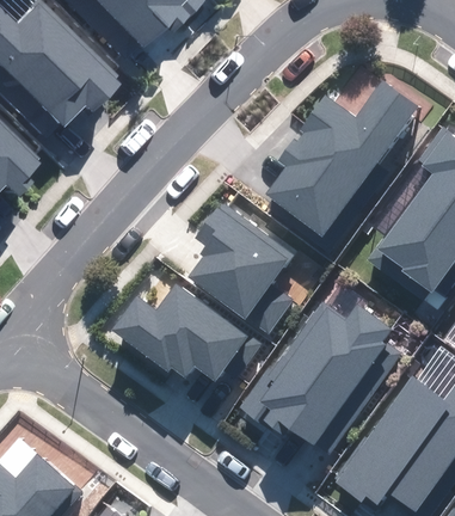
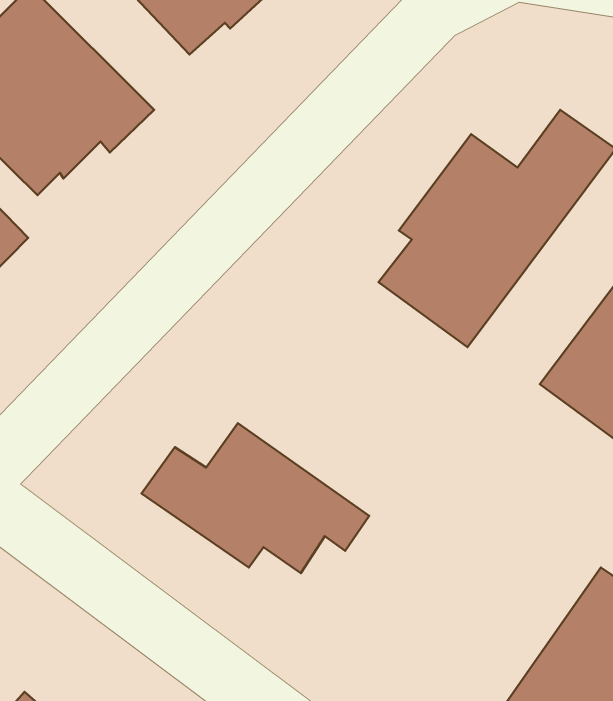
building: [187,203,290,332] -> none
building: [240,300,399,454] -> none

